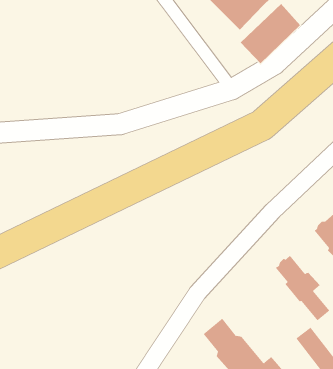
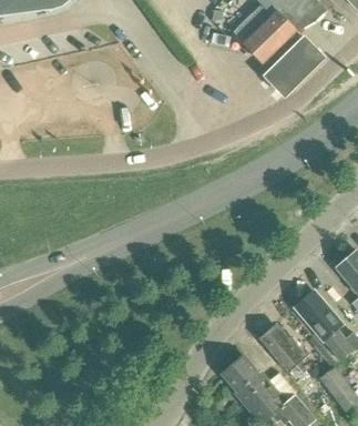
building: none -> [260,325,307,379]

